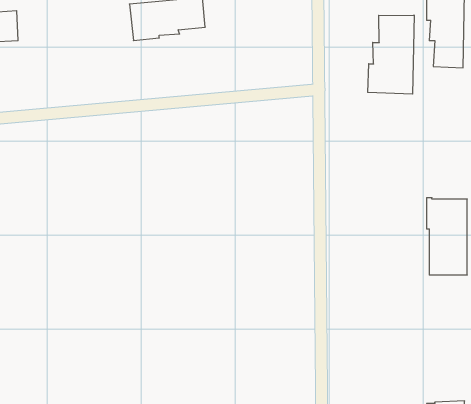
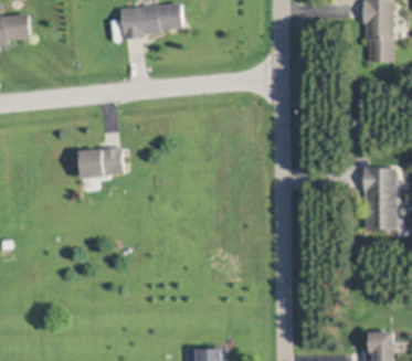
building: [368,15,414,94] -> none
building: none -> [80,148,125,178]

